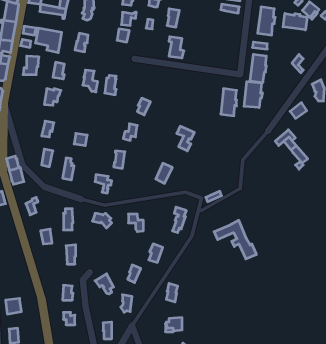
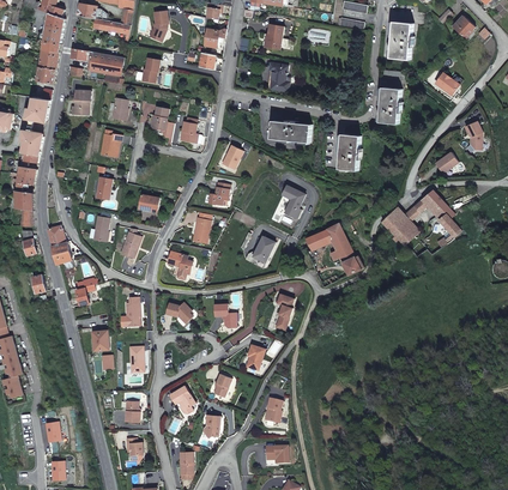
building: [283,13,307,30] -> none
building: none -> [270,120,310,143]
building: [244,82,262,108] -> none
building: none -> [381,206,418,244]
building: [214,220,256,259] -> [304,223,362,276]

